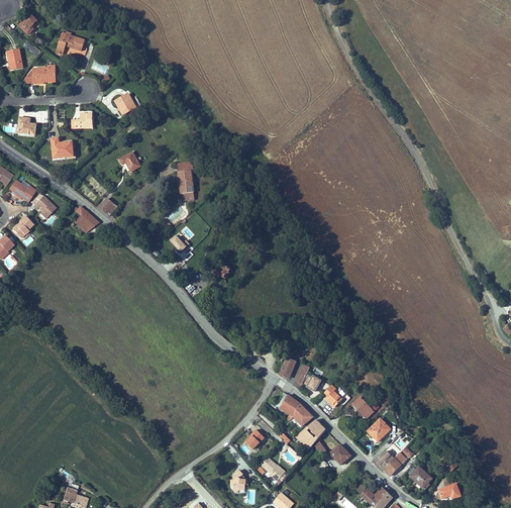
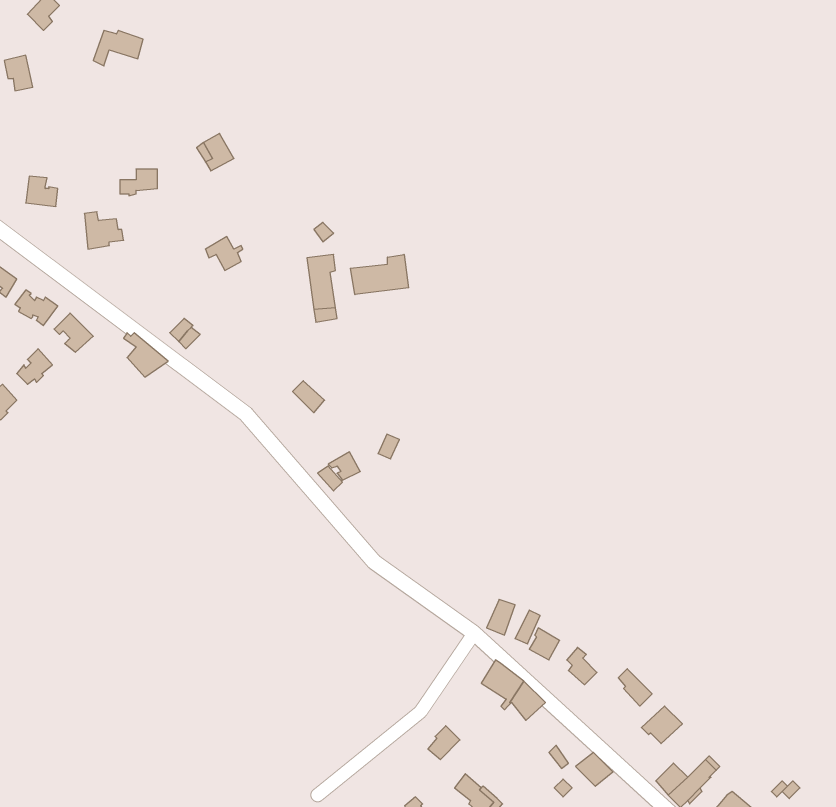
building: [25,65,55,83] -> none
building: none -> [350,254,409,295]
building: [297,419,325,447] -> none

